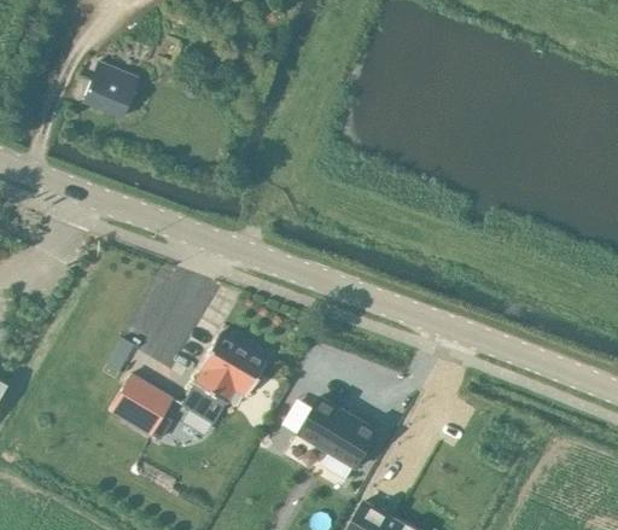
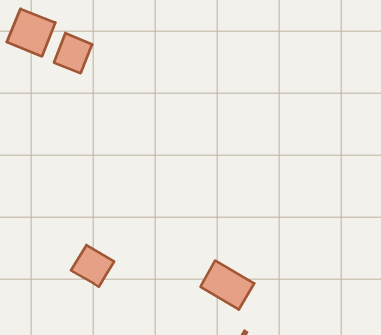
building: none -> [7,9,55,56]
building: [182,334,267,424] -> none

